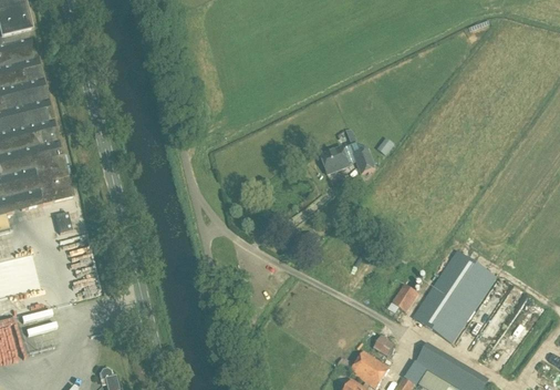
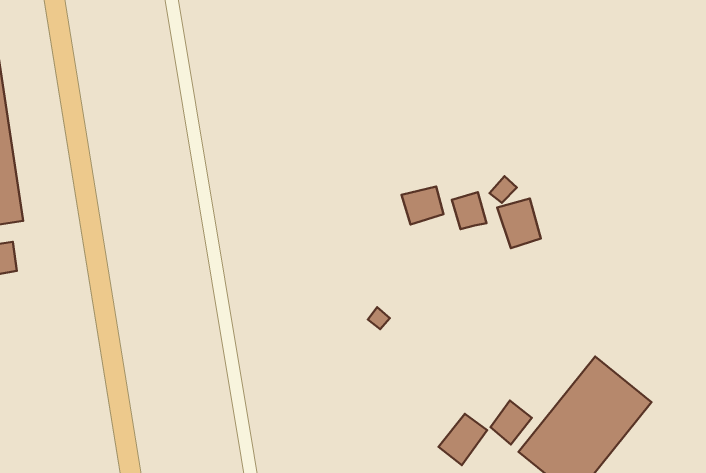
building: none -> [497,198,541,248]
building: none -> [438,414,487,465]

